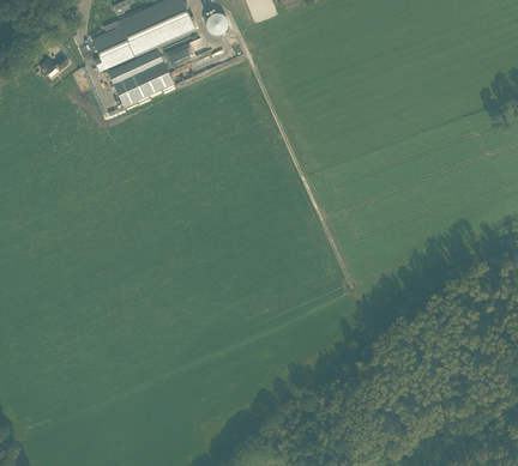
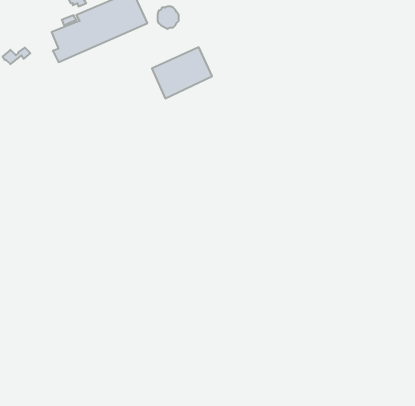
building: [109,50,174,105] -> [152,47,212,98]

